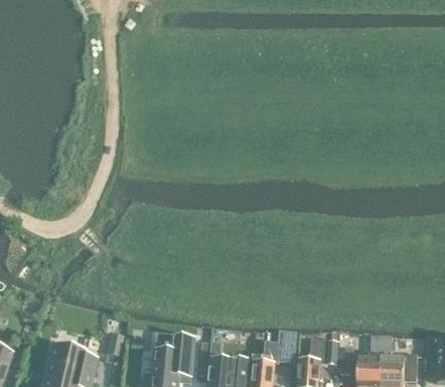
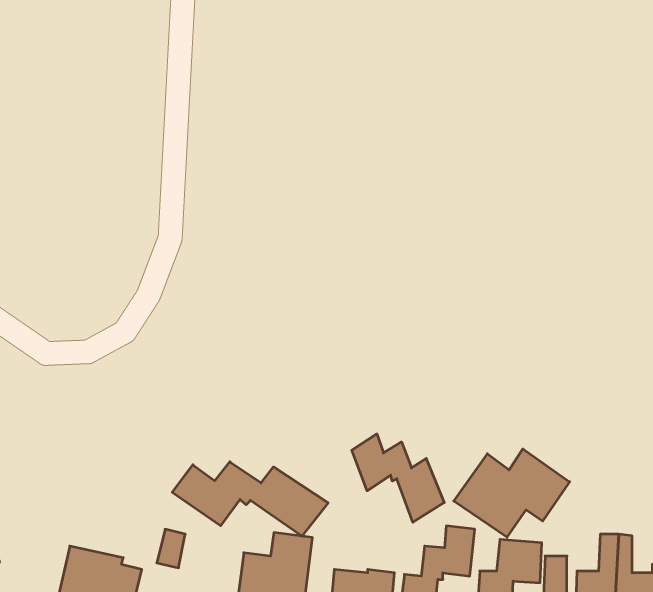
building: none -> [352,434,444,522]
building: none -> [454,449,570,537]
building: none -> [172,462,328,536]

